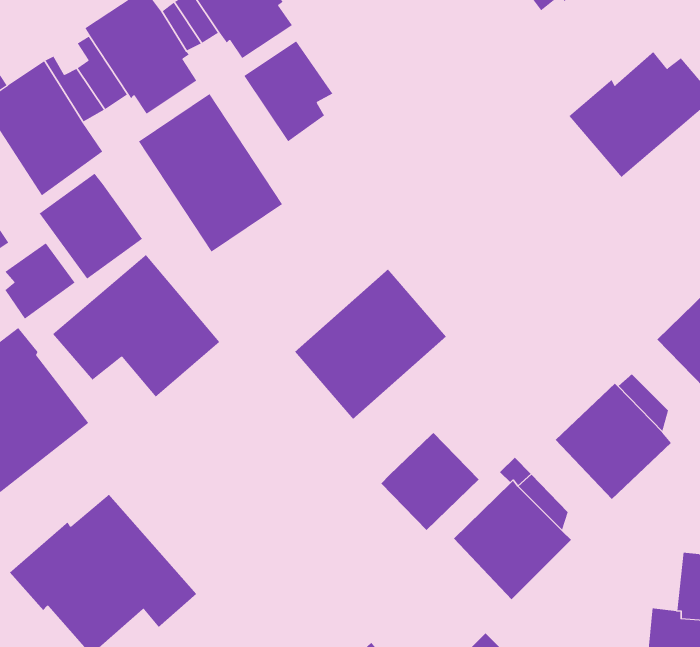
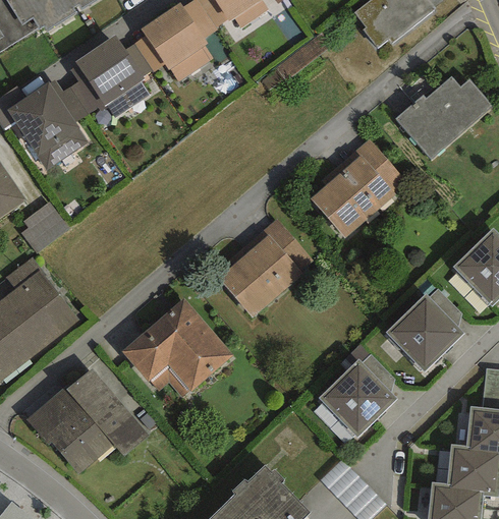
building: [244,40,333,142] -> none
building: [138,93,283,253] -> none
building: none -> [306,137,407,237]
building: [39,173,143,280] -> none
building: [52,254,220,397] -> [121,297,232,392]
building: [381,432,480,531] -> none

